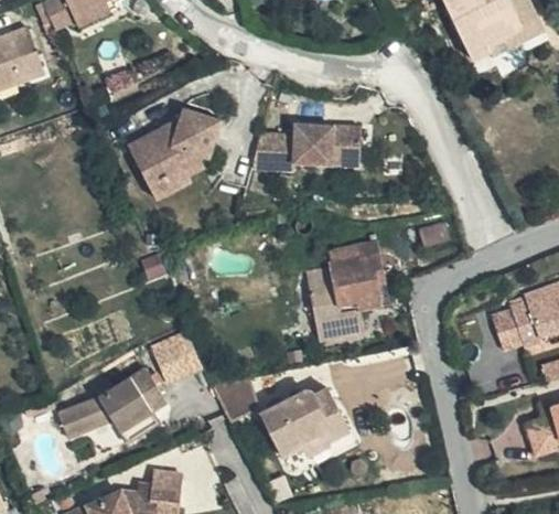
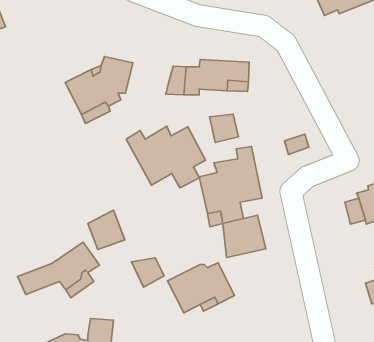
building: none -> [209,114,239,142]
building: none -> [126,126,205,188]
building: none -> [223,215,266,258]

